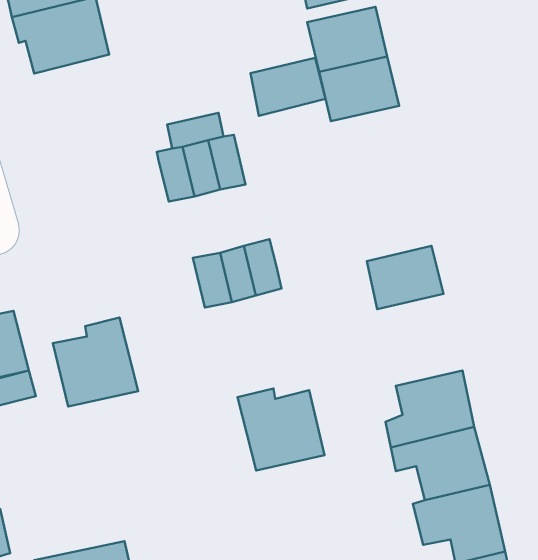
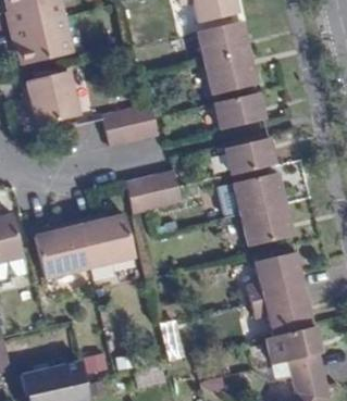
building: [250,58,326,116] -> [216,92,264,129]
building: none -> [21,68,79,126]
building: none -> [227,138,275,174]
building: none -> [243,204,293,246]
building: [238,388,325,470] -> [78,214,134,266]

